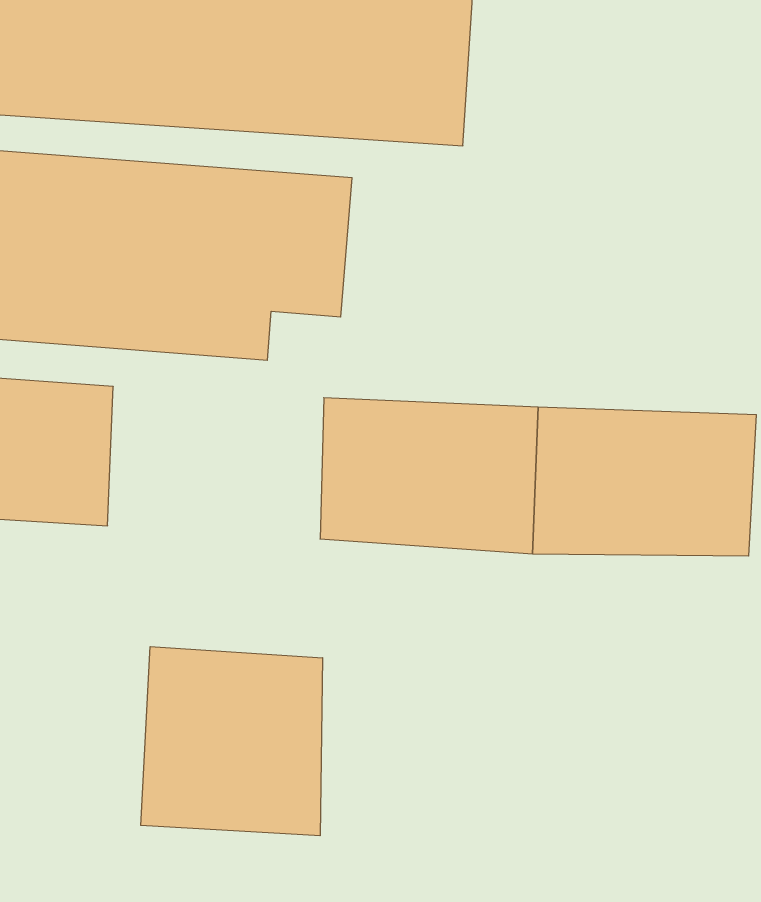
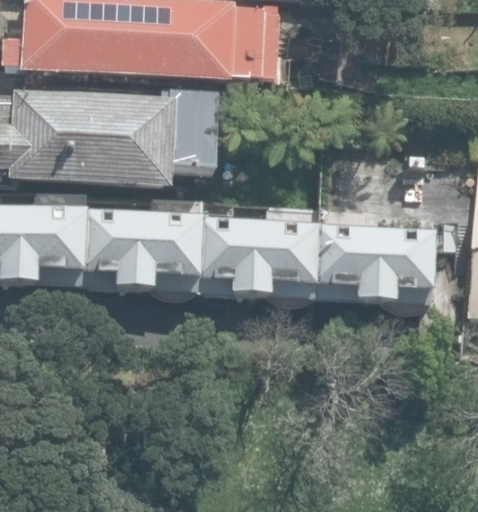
building: none -> [85,211,200,292]
building: [141,647,323,836] -> none

